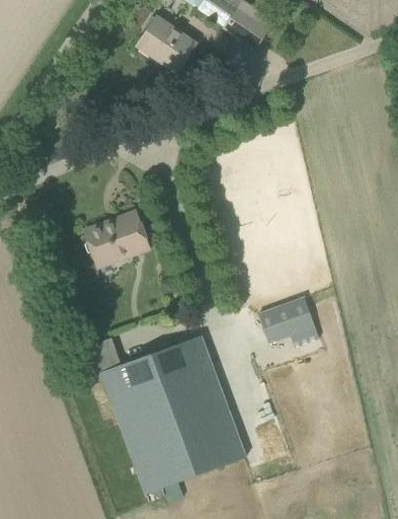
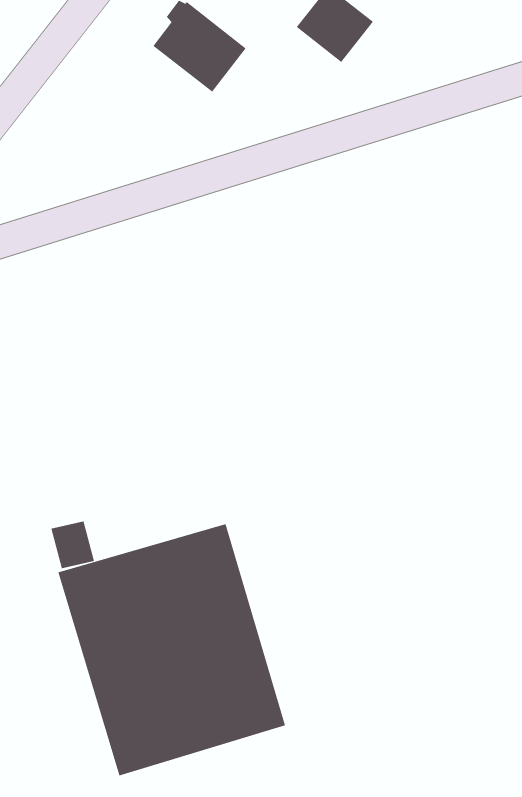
building: [84,216,149,264] -> none
building: [258,296,315,344] -> none

